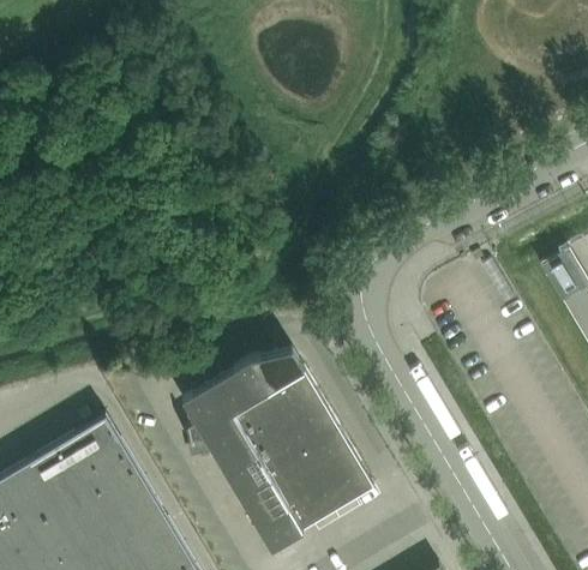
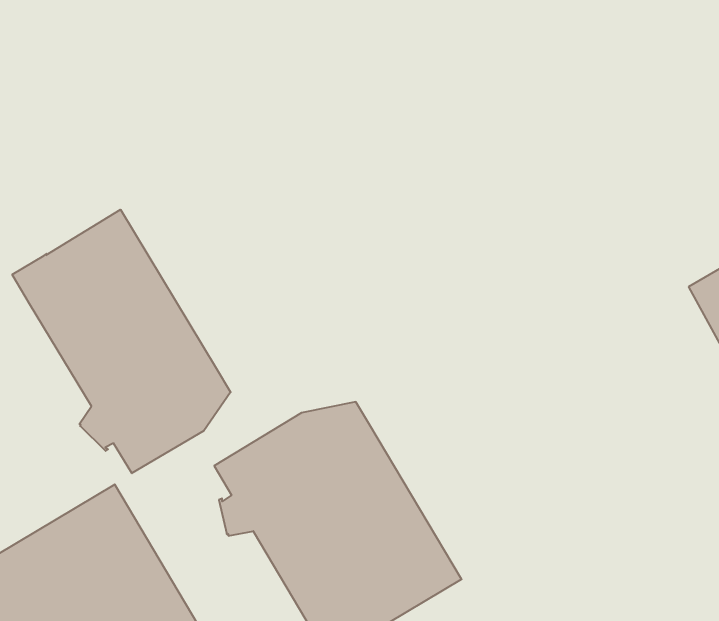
building: none -> [12,210,231,473]

